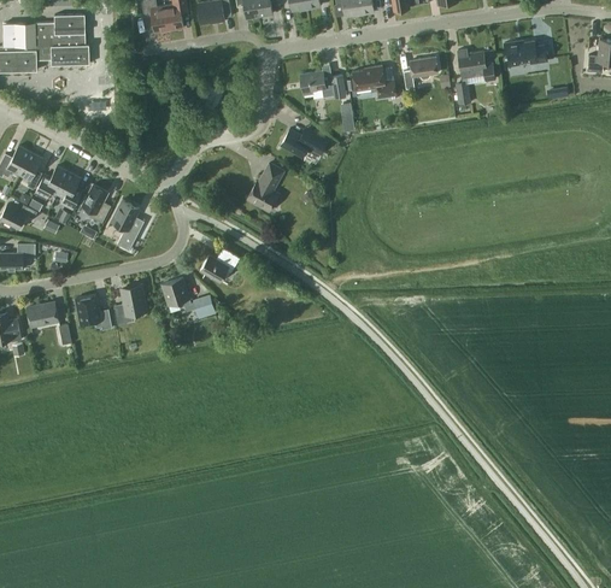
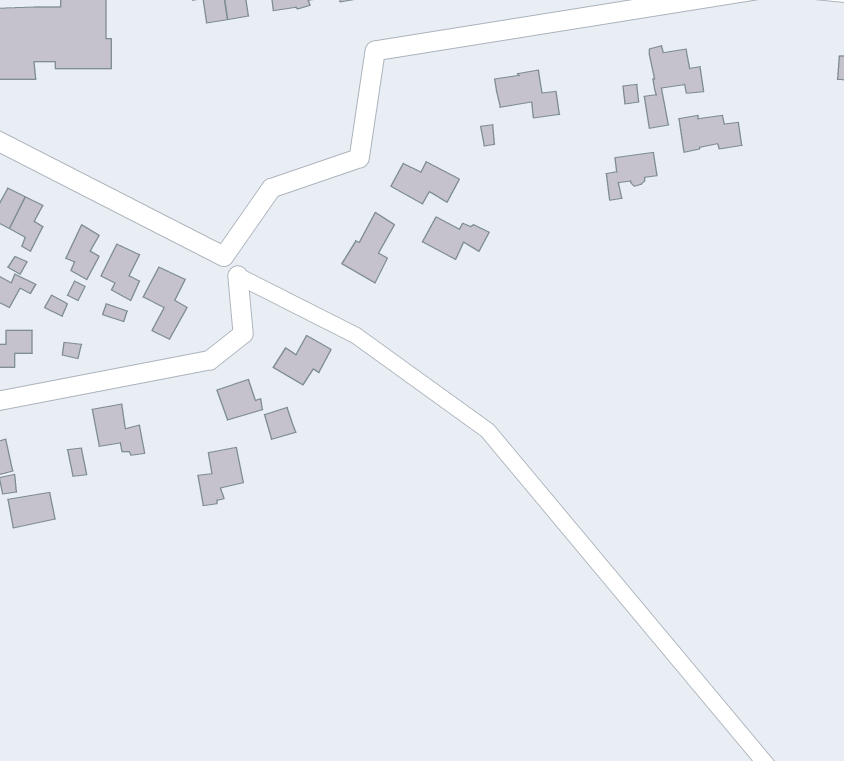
building: [504,41,547,66] -> [679,115,742,152]
building: [404,57,439,89] -> [606,153,657,200]
building: [300,71,346,99] -> none
building: [35,165,69,199] -> none
building: none -> [422,217,489,259]
building: [114,286,146,325] -> [198,447,243,505]
building: [27,302,59,327] -> [8,493,55,528]

